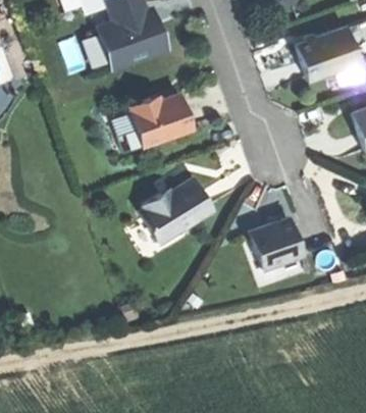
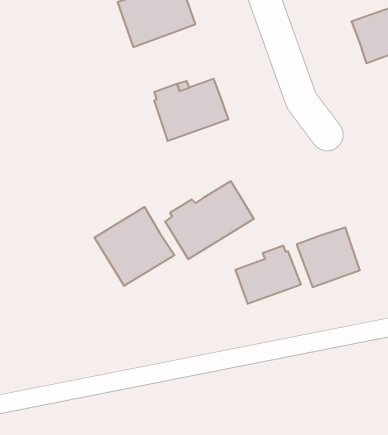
building: none -> [94,207,174,286]
building: none -> [236,246,301,304]

